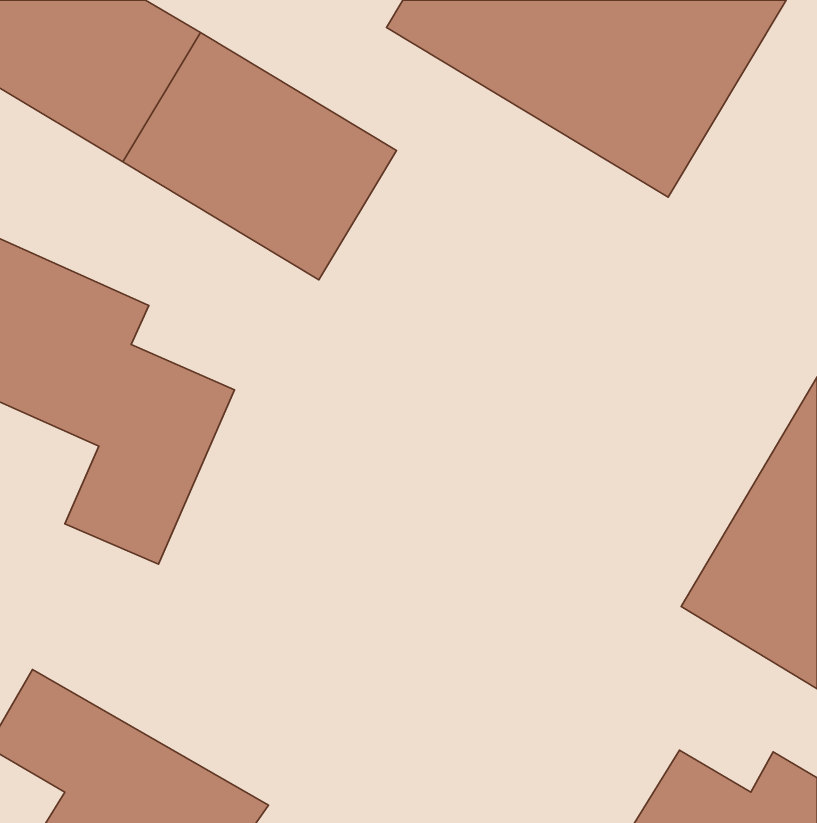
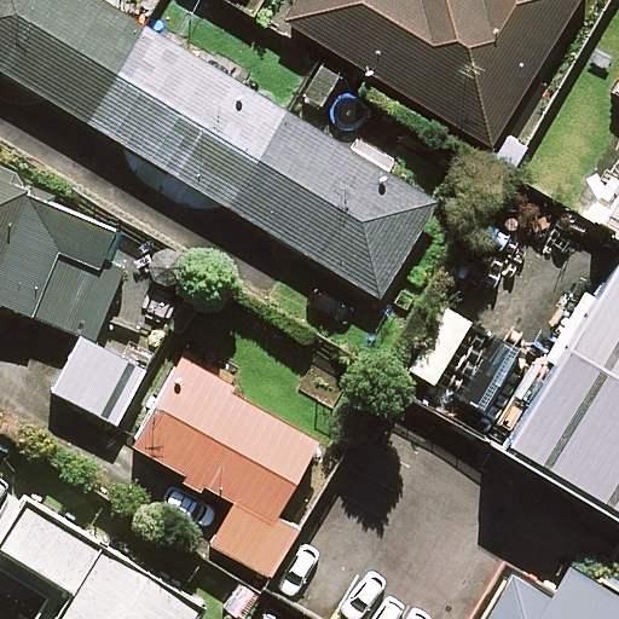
building: none -> [238,115,445,301]
building: none -> [132,352,316,575]

